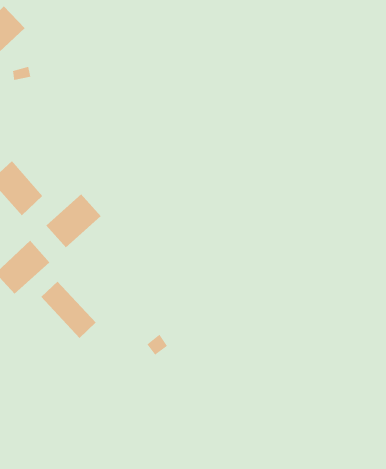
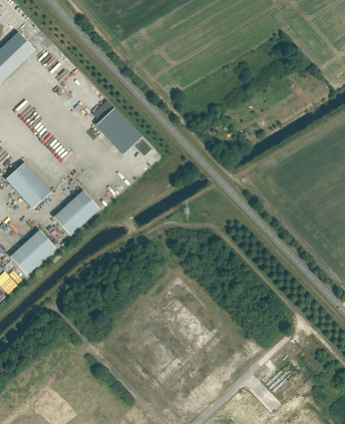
building: none -> [95,107,151,155]
building: [40,281,96,339] -> none

